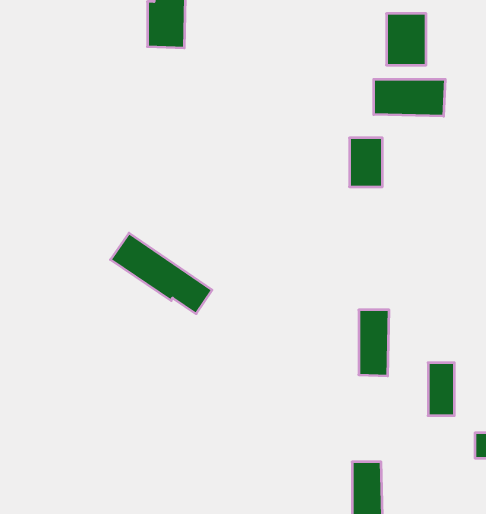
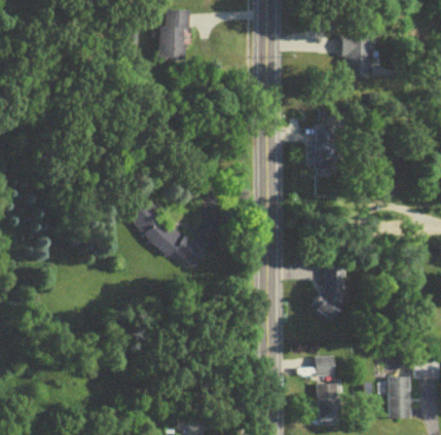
building: [374,79,445,116] -> none
building: [428,363,454,416] -> [388,376,408,418]
building: none -> [315,356,334,376]

